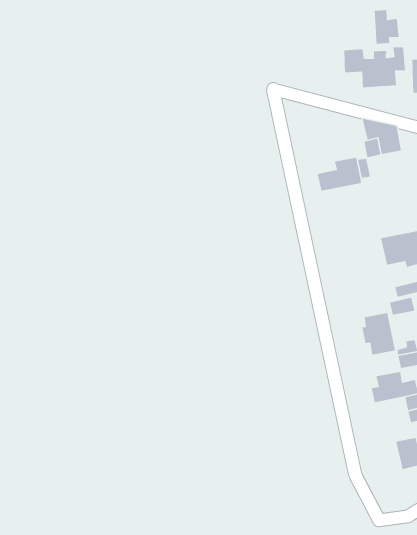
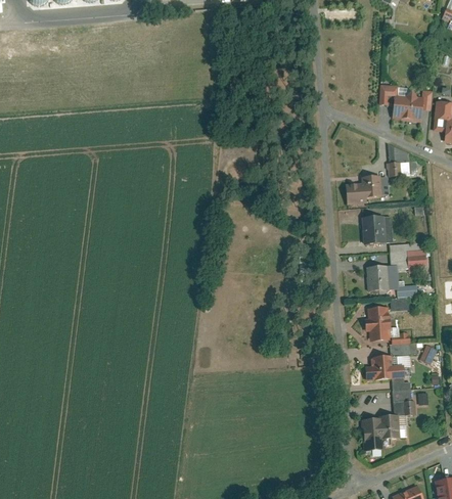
building: [374,9,400,44] -> none
building: none -> [361,216,393,243]
building: none -> [367,265,389,291]
building: none -> [361,417,383,449]

